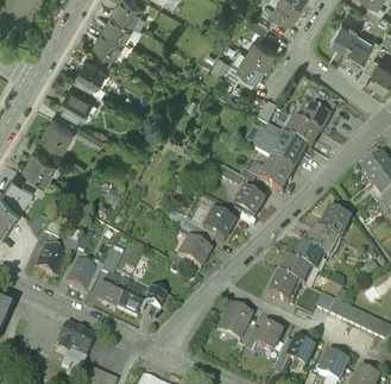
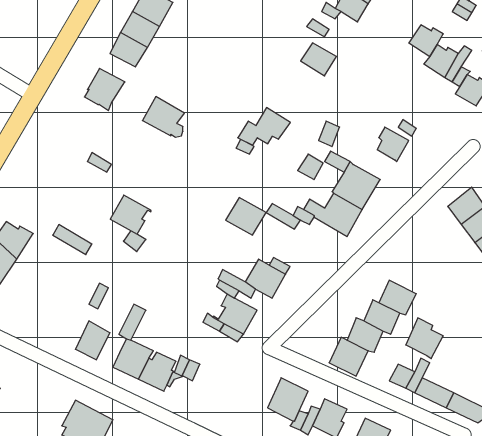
building: [223,52,265,82] -> [238,108,290,145]
building: [61,87,94,119] -> [142,97,184,137]
building: [42,118,74,149] -> [110,195,151,234]
building: [288,118,321,147] -> none
building: [24,149,57,181] -> none
building: [234,187,266,216] -> [226,198,266,235]
building: [321,207,351,239] -> [406,318,443,359]
building: [36,244,65,275] -> none

